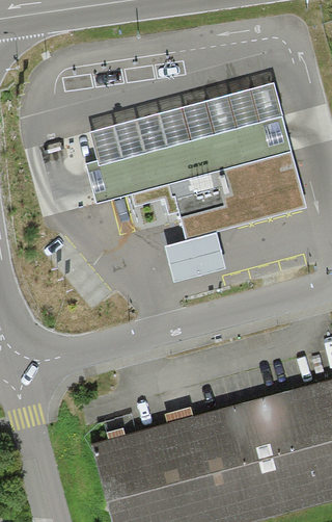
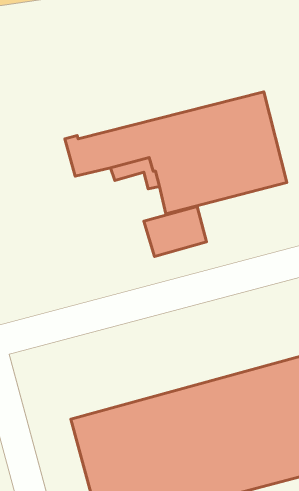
building: [89,84,282,164] -> none

